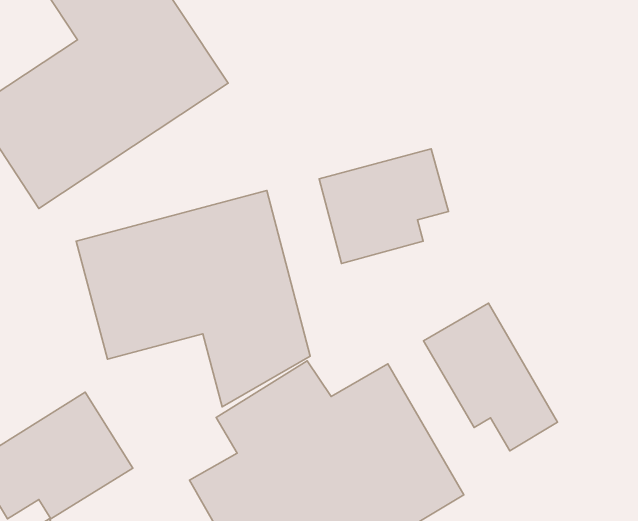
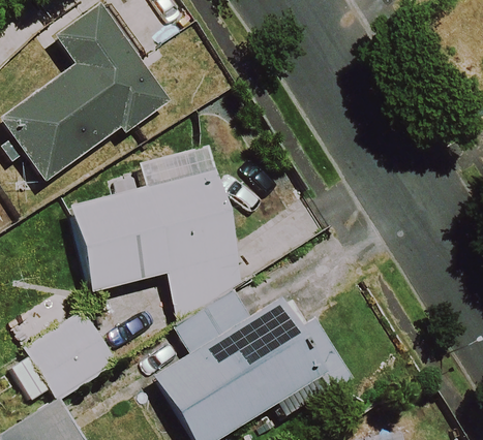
building: [319,149,449,264] -> none
building: [423,303,557,451] -> none

